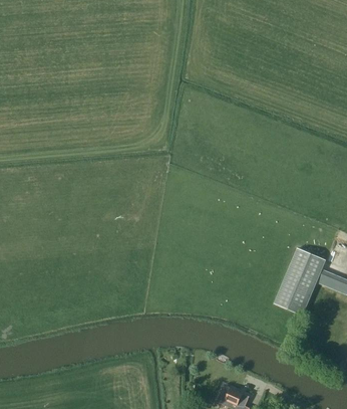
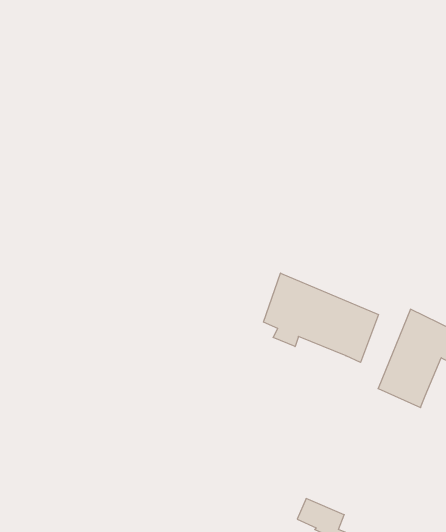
building: none -> [264,273,379,362]

